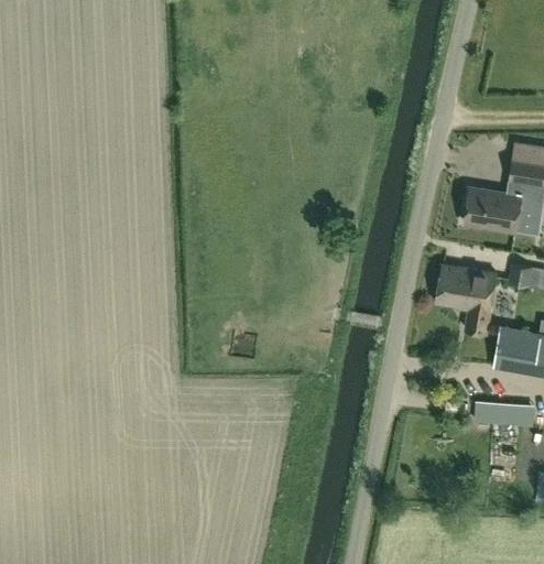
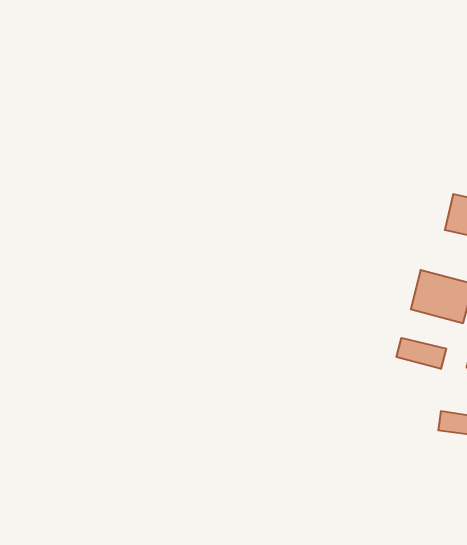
building: none -> [397,338,446,369]

